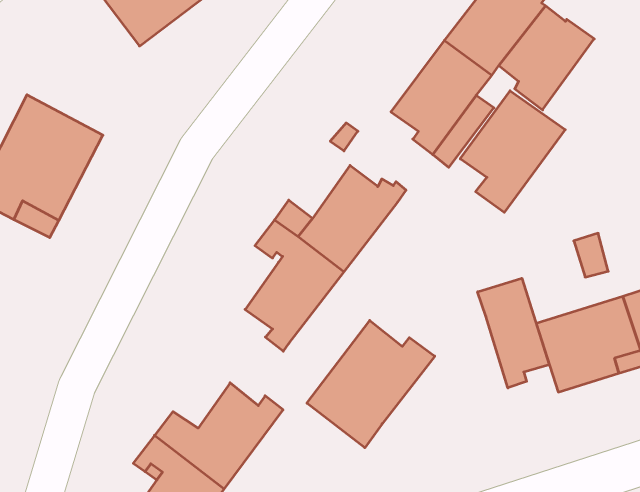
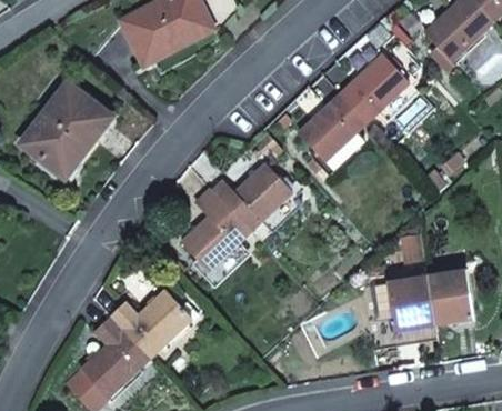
building: [460,91,565,212] -> none
building: [478,278,549,388] -> none
building: [307,320,435,448] -> none

